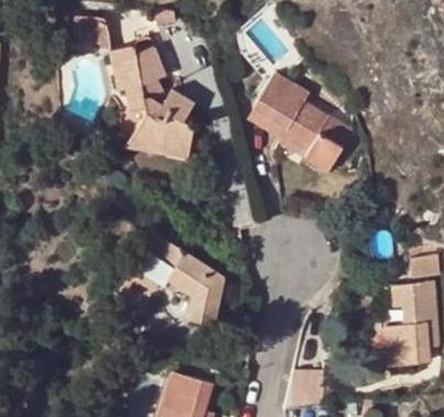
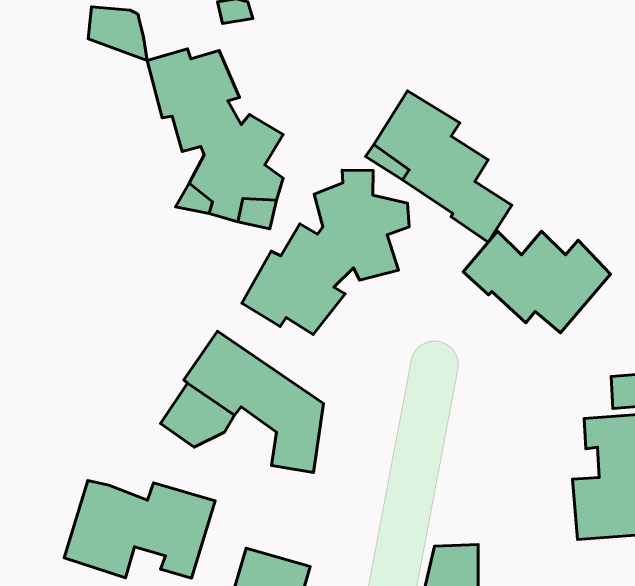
building: none -> [242,170,409,334]
building: none -> [463,231,611,333]
building: none -> [64,481,215,578]

